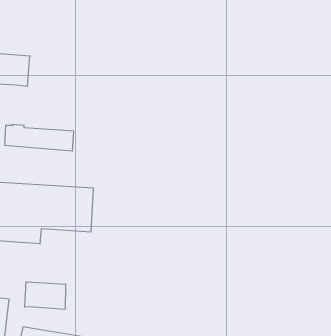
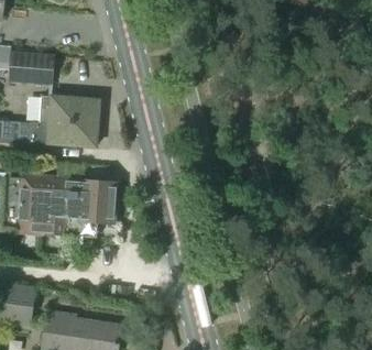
building: none -> [37,95,98,128]
building: [25,282,66,309] -> none

